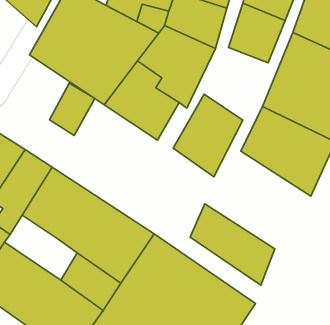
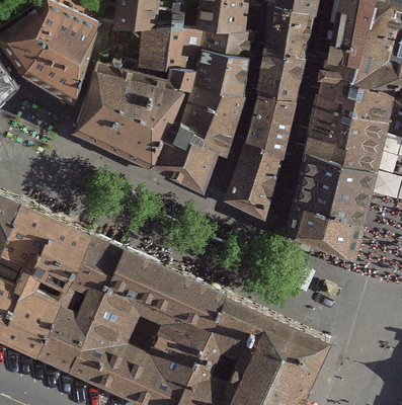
building: none -> [244,100,299,166]
building: [49,83,95,135] -> none
building: [190,204,275,285] -> [279,195,360,262]
building: none -> [81,291,130,335]

